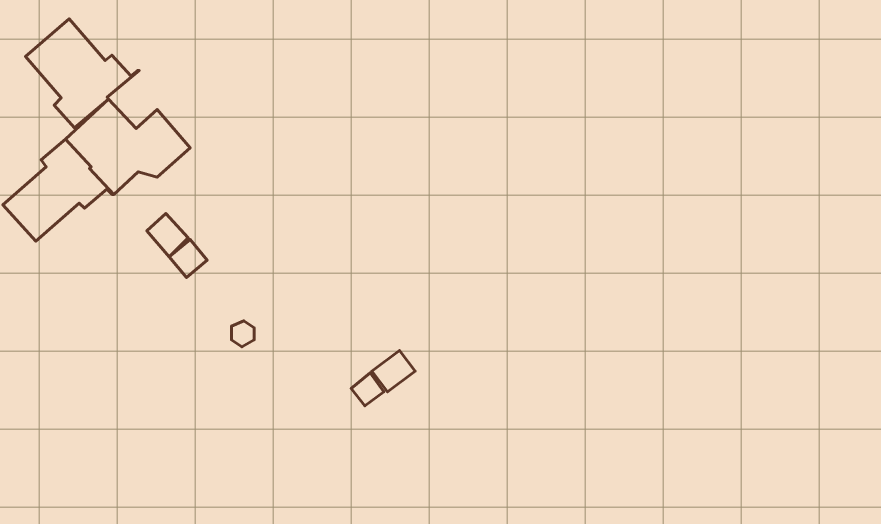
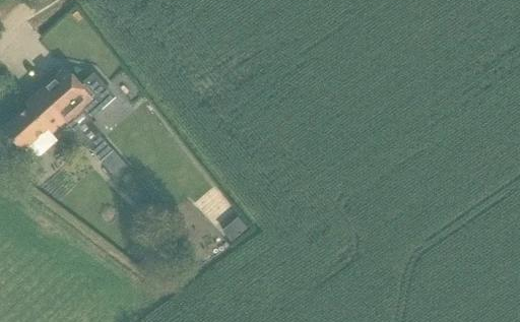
building: [25,19,139,128] -> none

